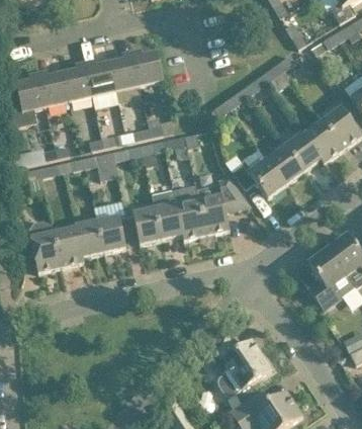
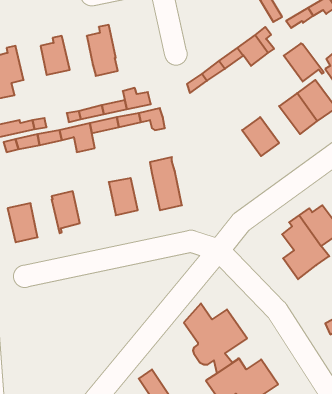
building: [132,50,164,85] -> none
building: [85,61,116,97] -> none
building: [38,71,70,107] -> none
building: [285,133,326,171] -> [284,43,324,82]
building: [233,158,286,198] -> none
building: [196,177,250,234] -> none
building: [155,201,184,239] -> none
building: [96,216,126,252] -> none
building: [54,228,83,266] -> none

